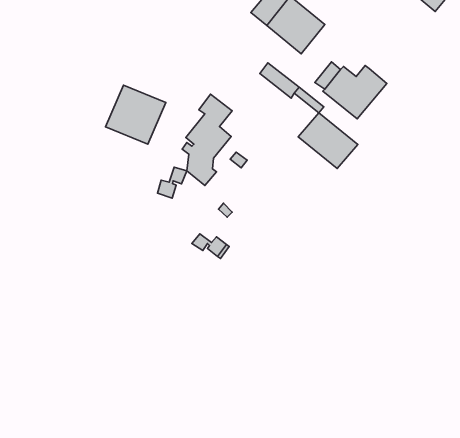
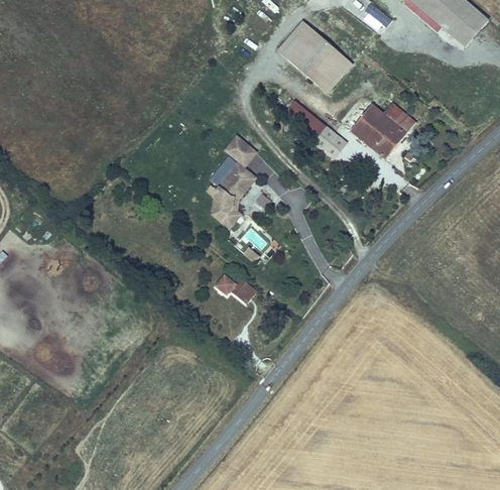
building: [106,85,166,144] -> none
building: [298,113,358,169] -> none
building: [157,167,187,198] -> none

